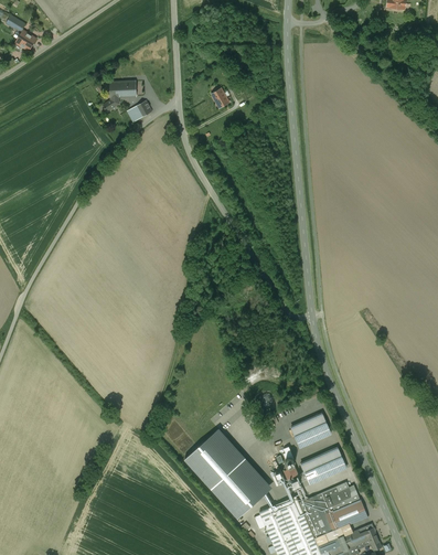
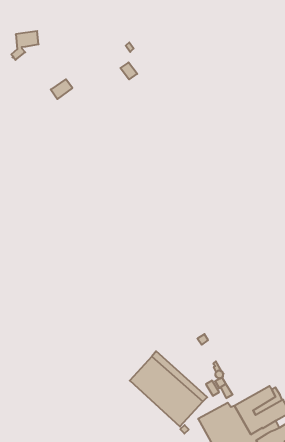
building: [103,81,136,111] -> [11,31,39,60]
building: [291,413,331,447] -> none
building: [300,447,346,483] -> none

